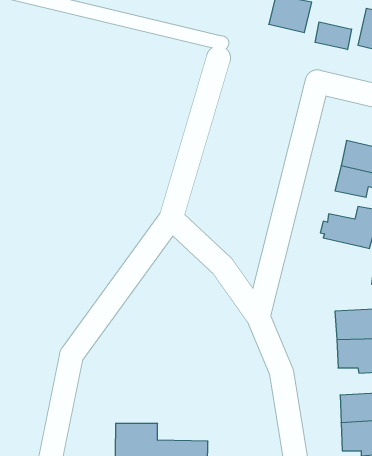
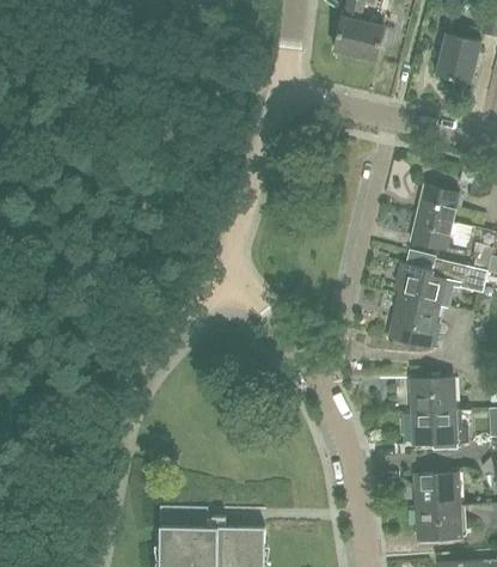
building: [315,22,352,50] -> none
building: none -> [387,295,438,348]

